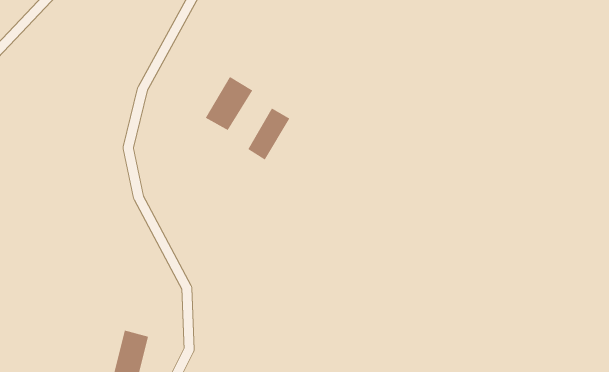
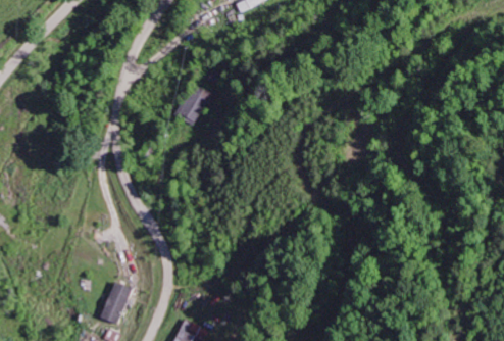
building: [248,108,290,161] -> none

